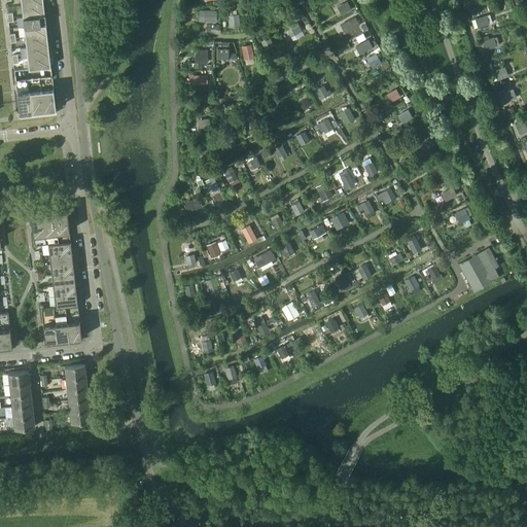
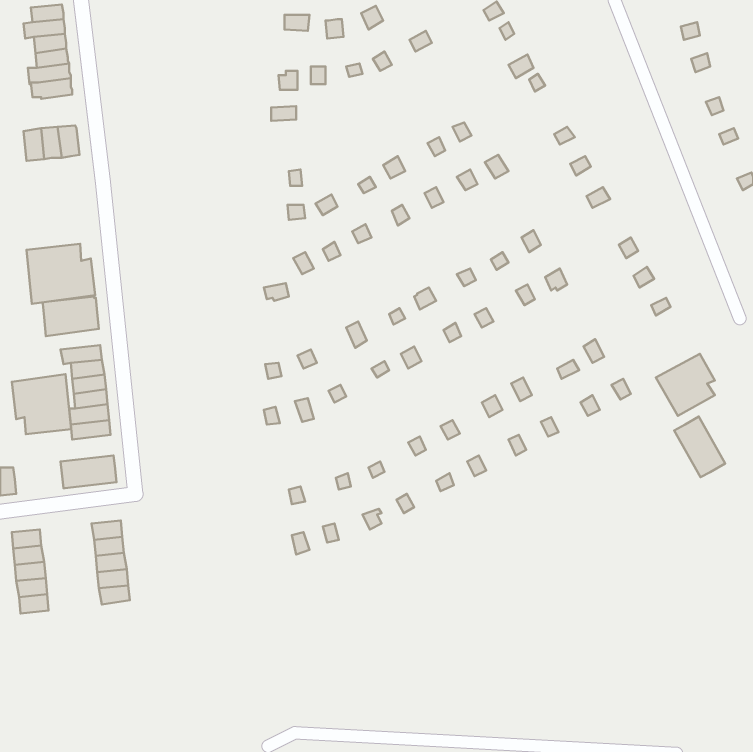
building: none -> [27,244,95,304]
building: none -> [12,374,71,434]
building: none -> [674,417,725,477]

